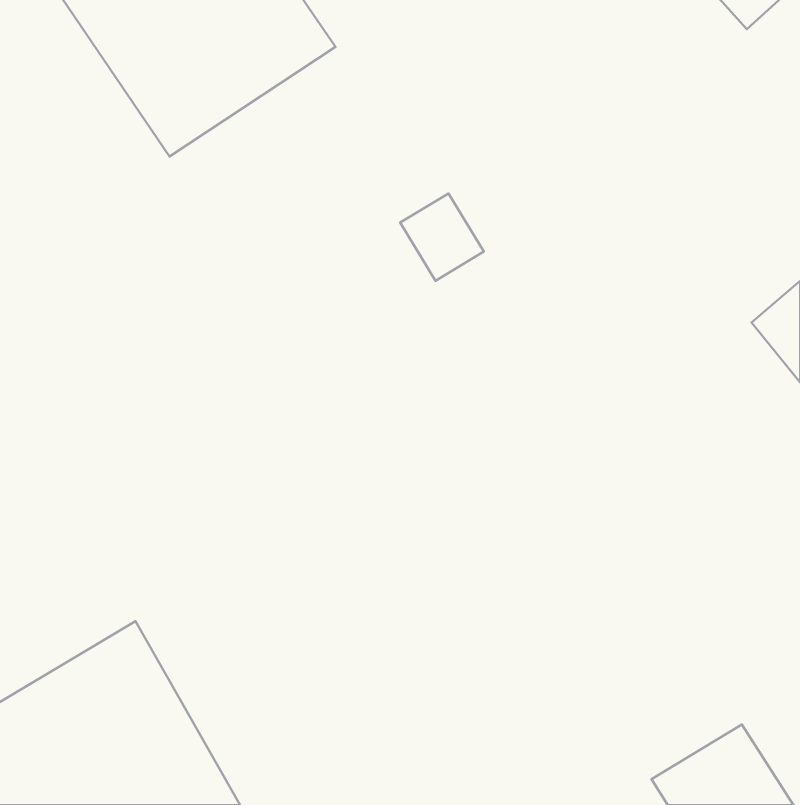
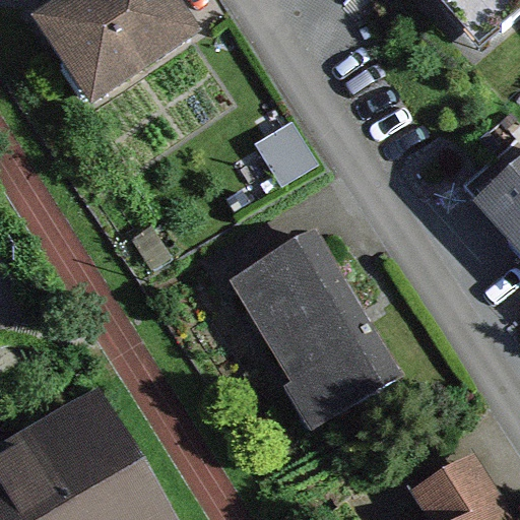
building: none -> [234,236,400,427]

